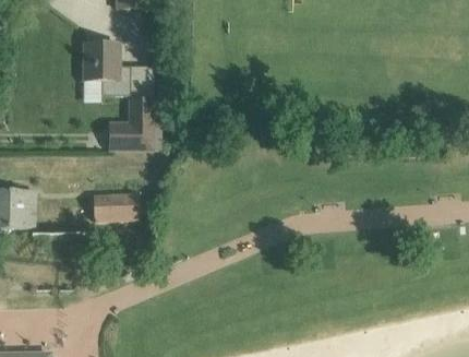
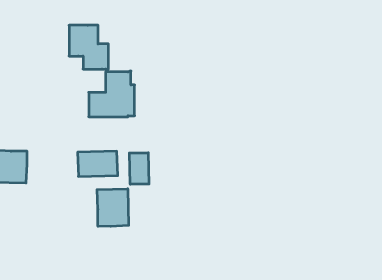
building: none -> [129,153,149,184]
building: none -> [97,189,129,226]

